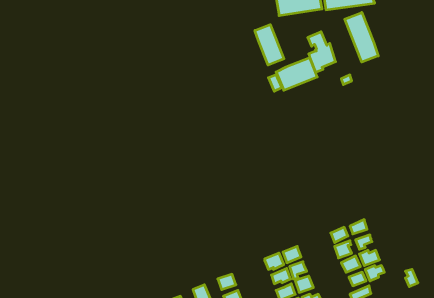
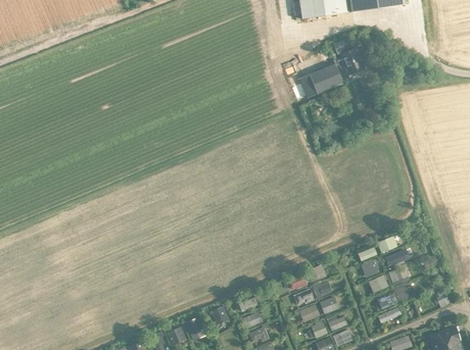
building: [345,12,378,62] -> none
building: [255,25,284,65] -> none

